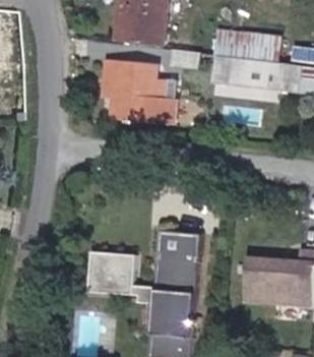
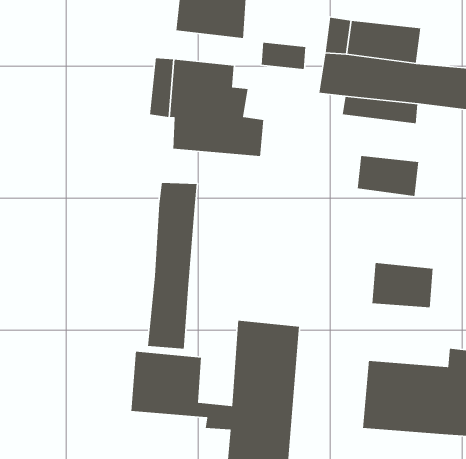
building: none -> [357,155,419,197]
building: none -> [147,182,197,350]
building: none -> [372,262,433,308]

